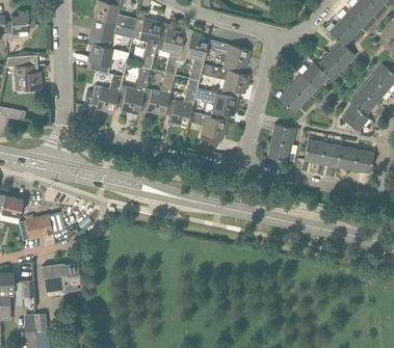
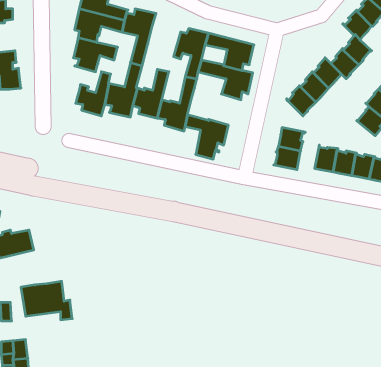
building: [155,29,185,74] -> none
building: [193,88,238,122] -> none

